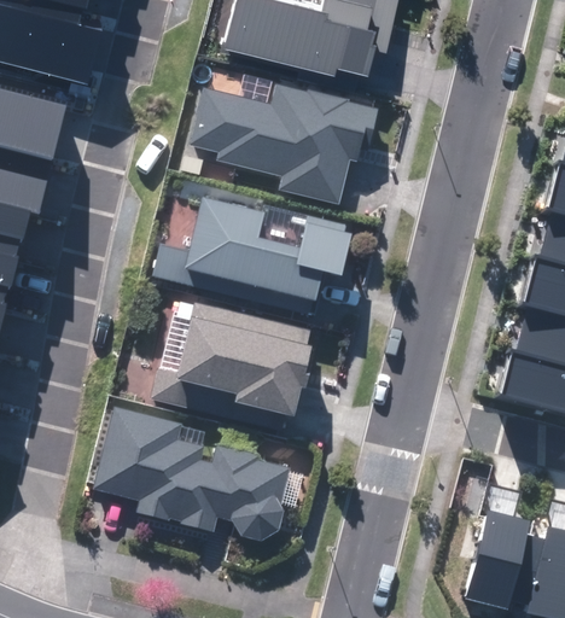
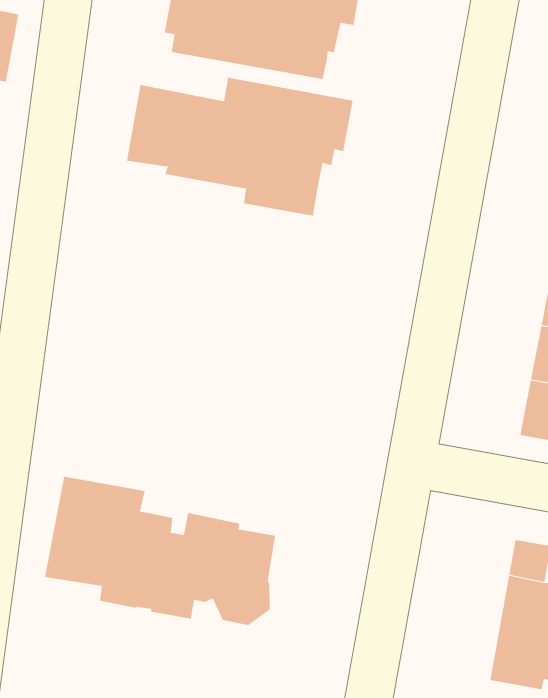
building: [156,197,350,313] -> none
building: [152,303,310,427] -> none

